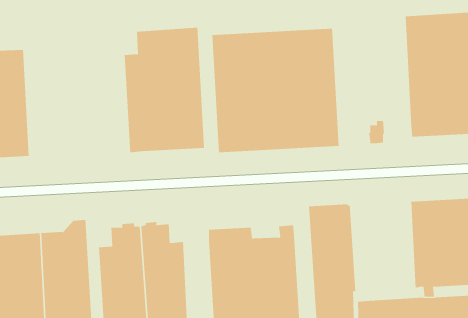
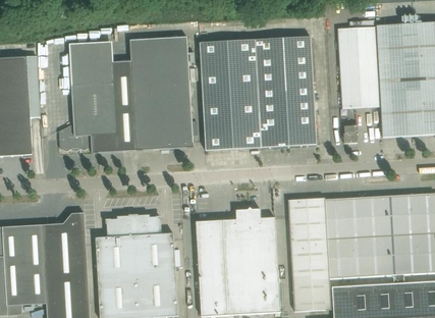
building: none -> [337,26,378,108]
building: none -> [58,42,123,153]
building: none -> [326,196,385,278]
building: none -> [235,207,261,229]

